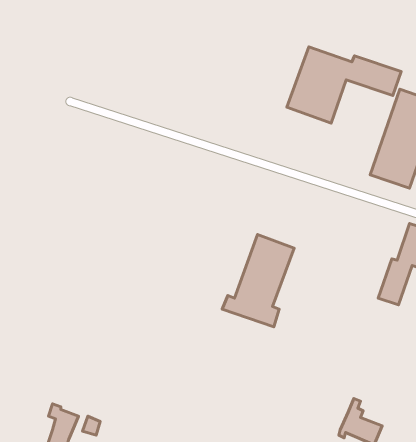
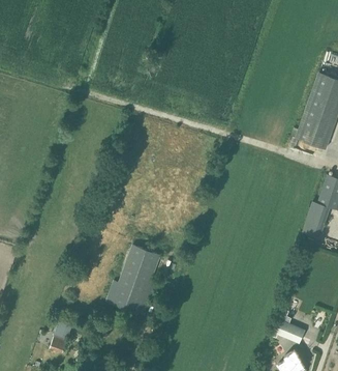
building: [287,47,401,123] -> none
building: [222,235,294,327] -> [105,245,160,315]

